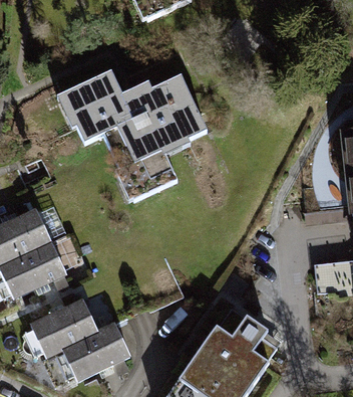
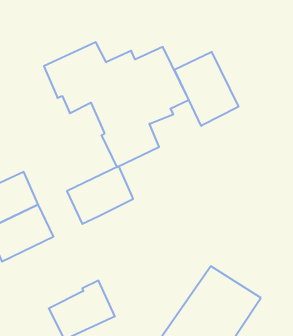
building: none -> [174,52,238,126]
building: [28,296,97,357] -> [67,166,133,224]

